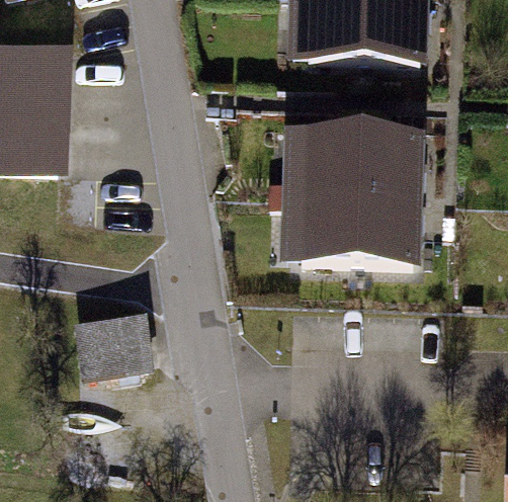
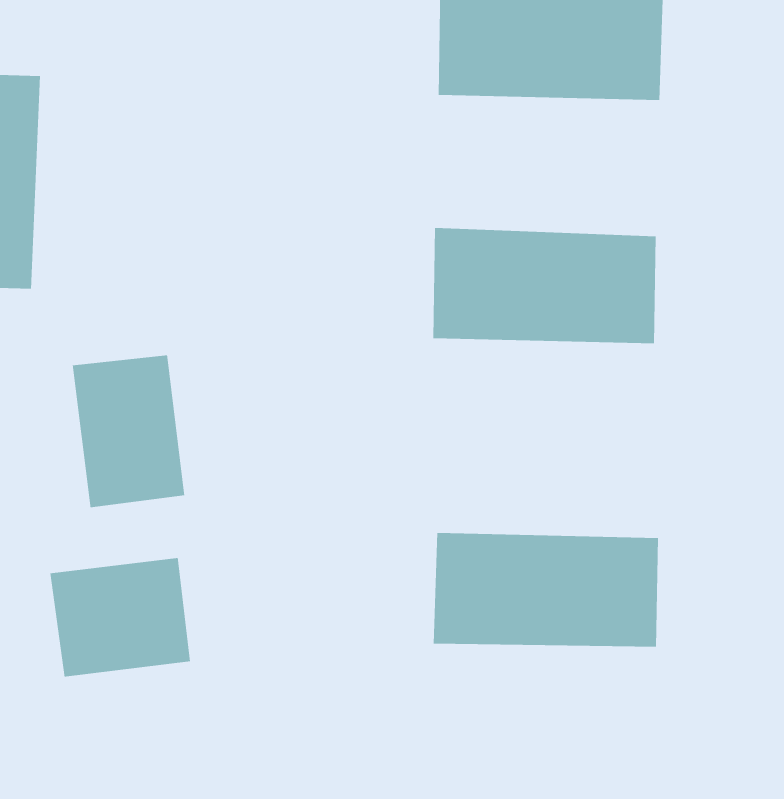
building: [288,194,418,260] -> [433,533,659,647]
building: none -> [72,354,185,508]

